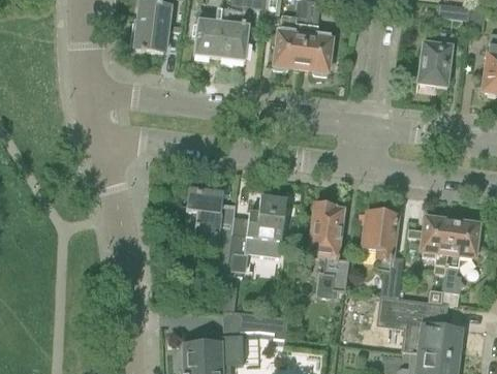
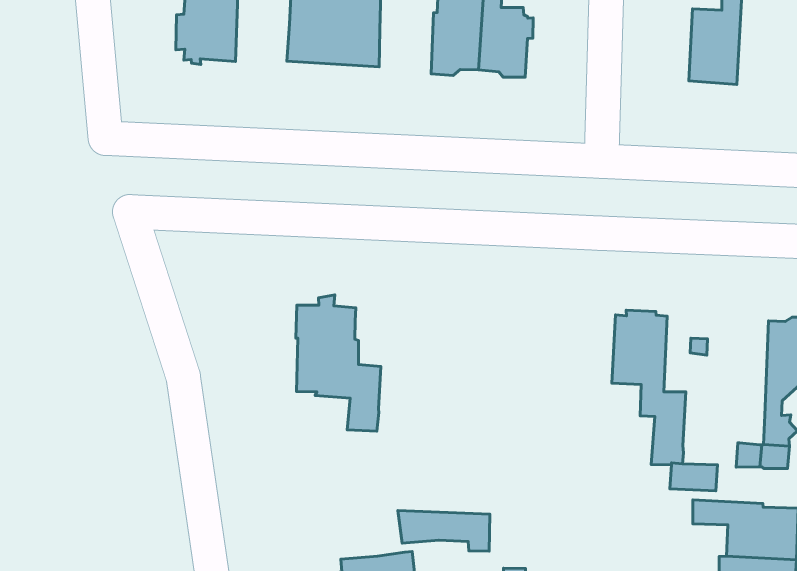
building: [226,196,285,278] -> none
building: [308,204,349,290] -> none
building: [421,215,453,274] -> none

